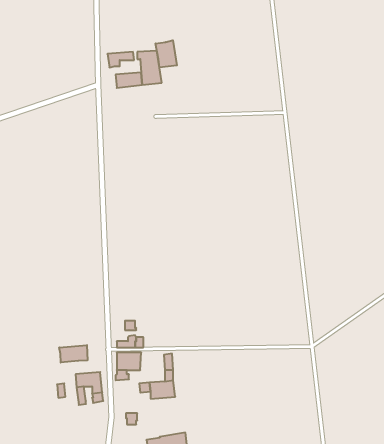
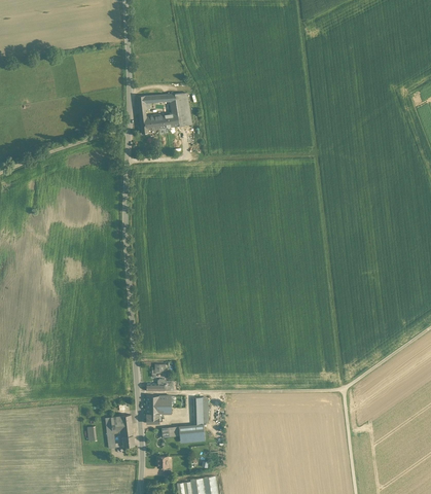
building: [156,40,177,68] -> none
building: [59,345,87,363] -> none

